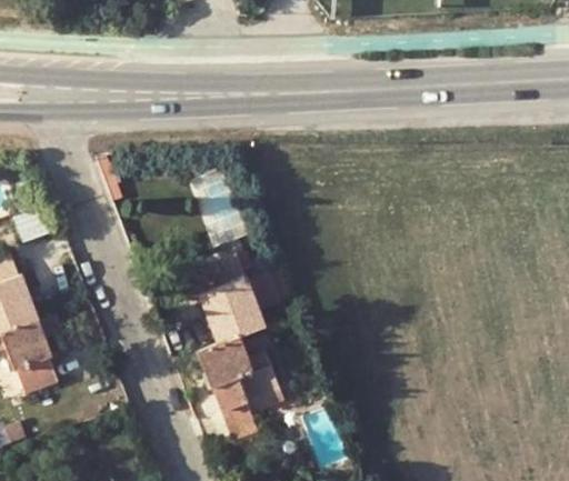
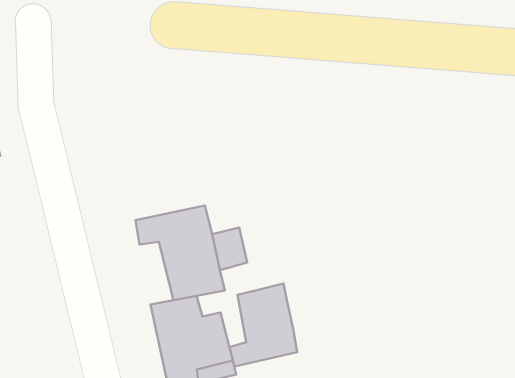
building: none -> [230,283,297,366]

